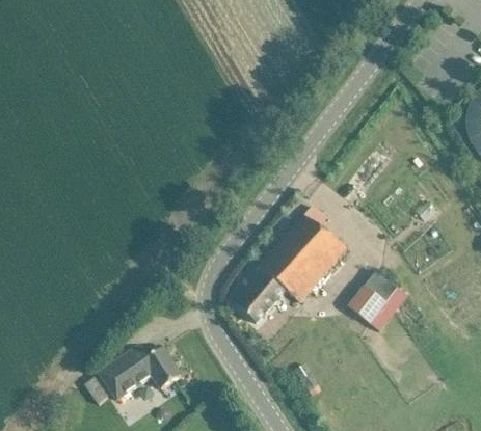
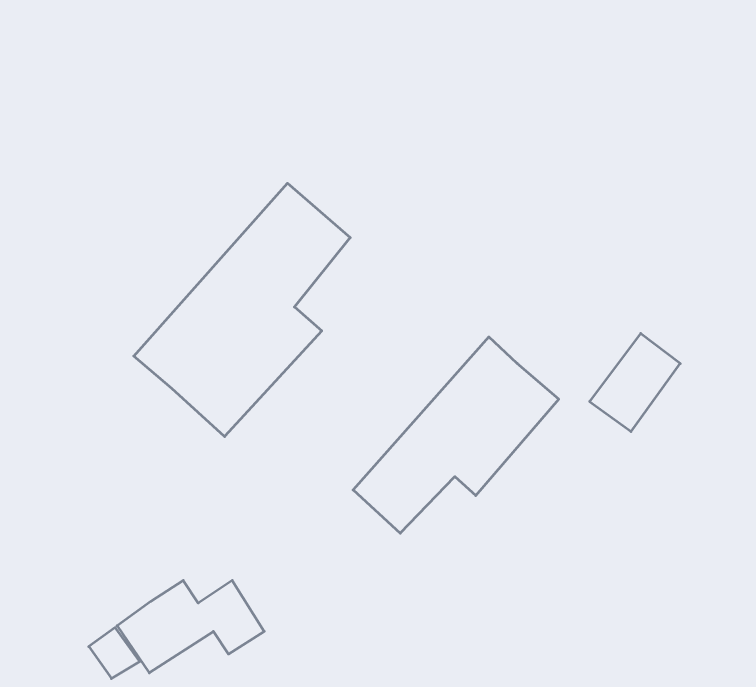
building: none -> [134,183,350,437]
building: [351,270,401,324] -> [590,333,680,432]

